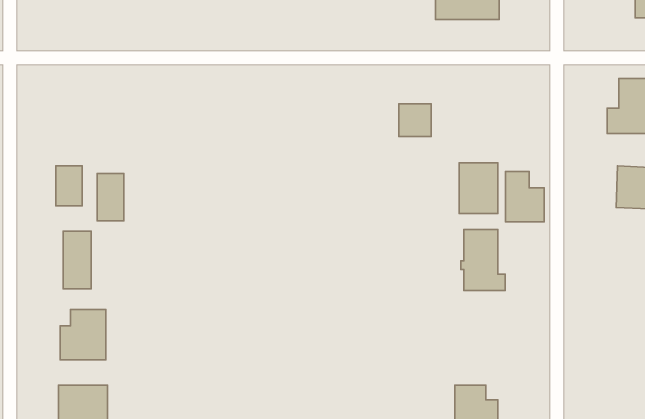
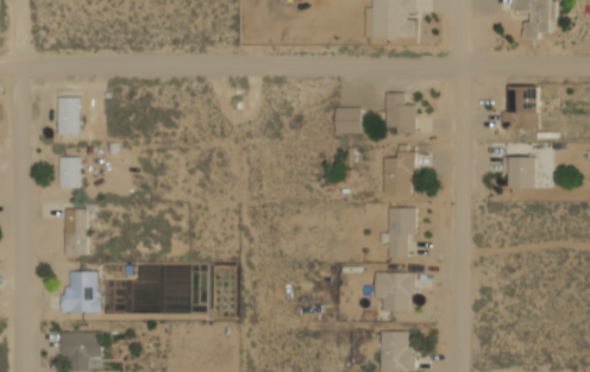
building: [506,171,544,222] -> [384,93,415,133]
building: [97,173,124,221] -> [57,97,79,135]
building: none -> [374,273,414,313]

